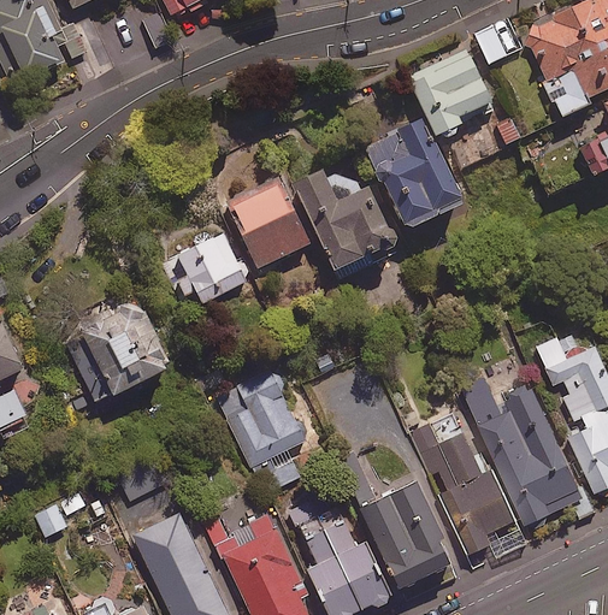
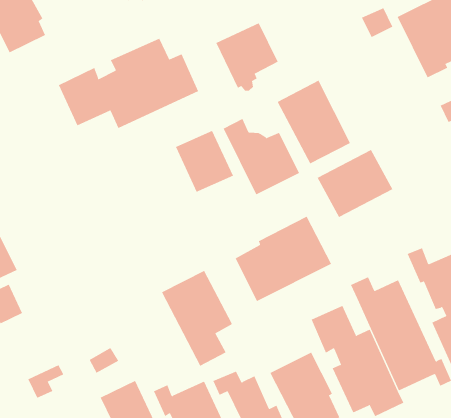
building: [408,48,491,138] -> [215,23,279,91]
building: none -> [58,38,199,129]
building: none -> [317,149,393,218]
building: [161,232,248,311] -> none
building: none -> [235,216,332,302]
building: [75,300,171,403] -> none

